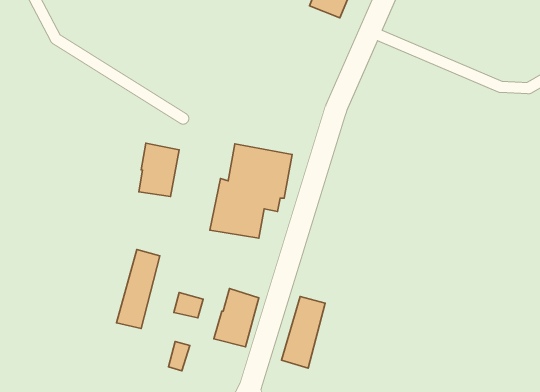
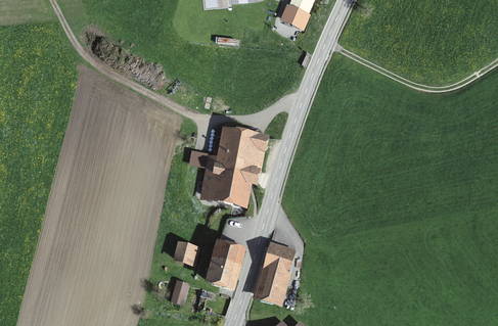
building: [139,143,179,196] -> none
building: [117,249,160,329] -> none

